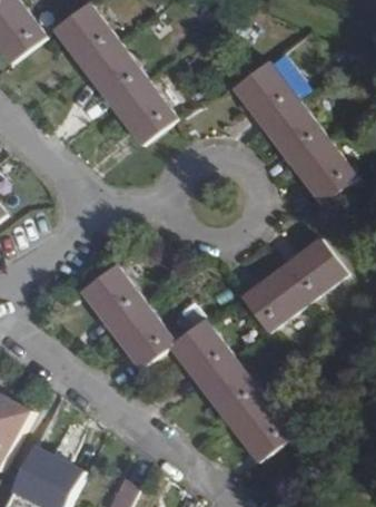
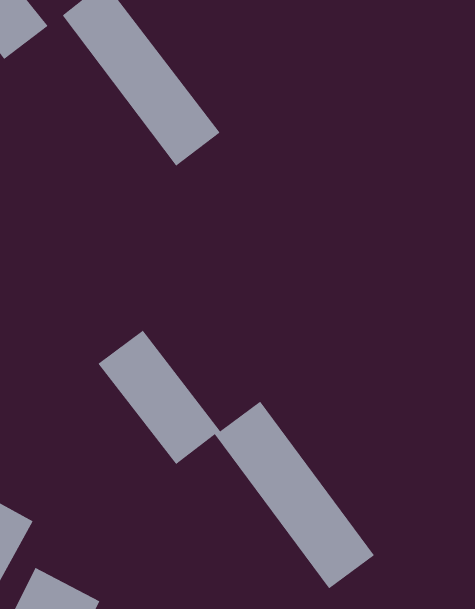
building: [234,62,355,204] -> none
building: [241,238,345,332] -> none

